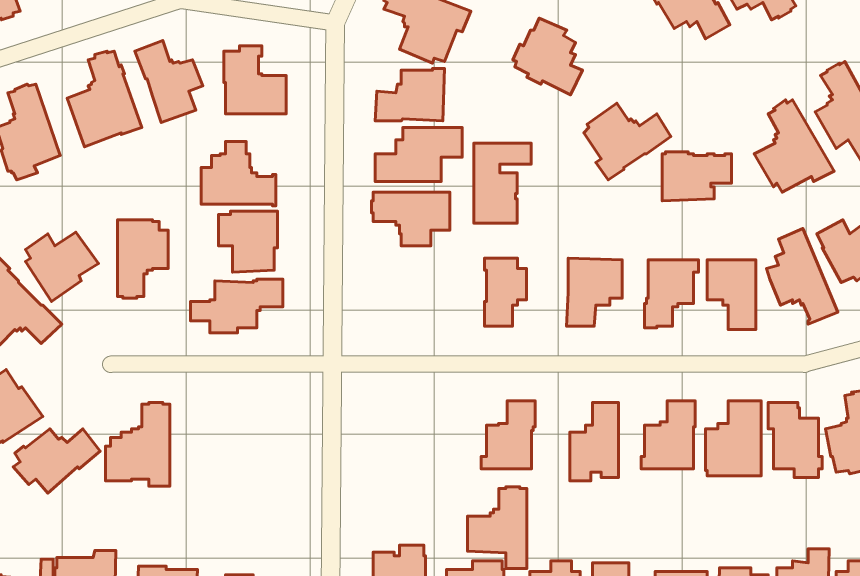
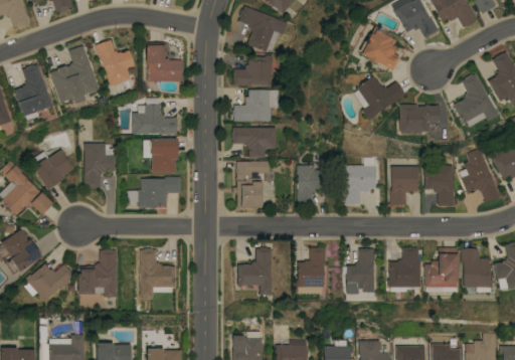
building: [513,18,583,95] -> [359,26,399,70]
building: [474,143,531,223] -> [236,161,270,207]
building: none -> [140,248,175,297]
building: [468,487,527,568] -> [237,247,272,295]

